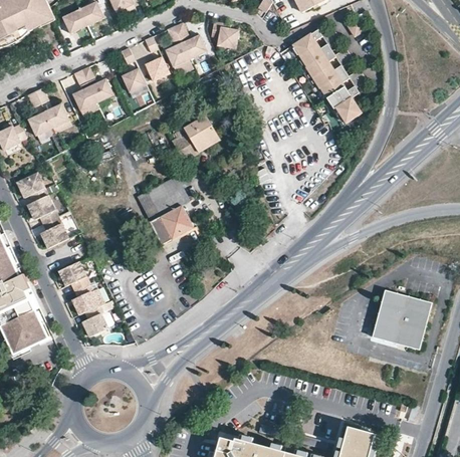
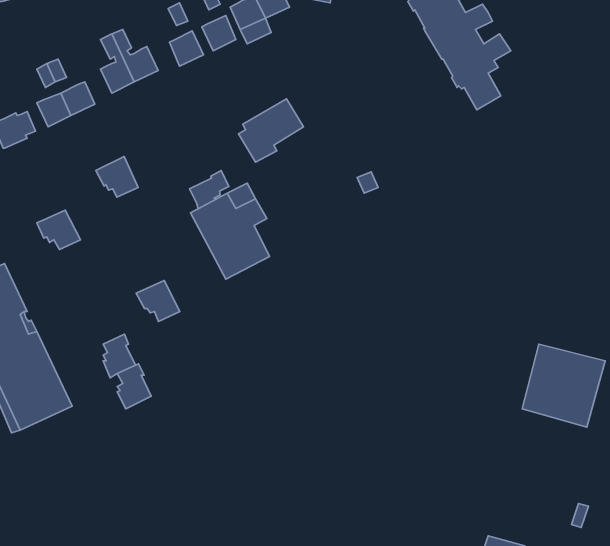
building: none -> [190,170,229,209]
building: [17,173,47,202] -> [96,156,138,197]
building: [42,216,68,247] -> none
building: [58,261,89,290] -> [136,280,180,321]

